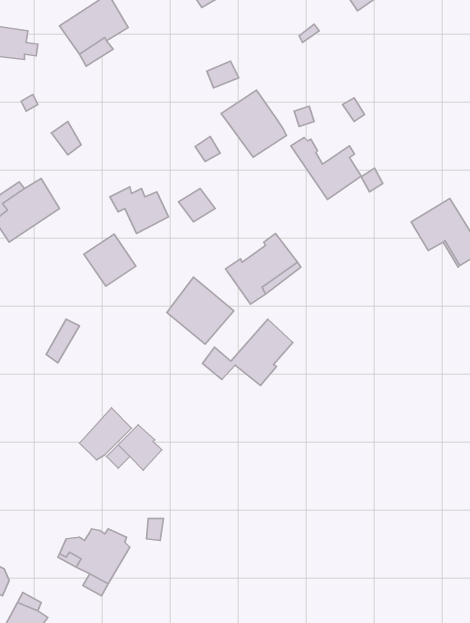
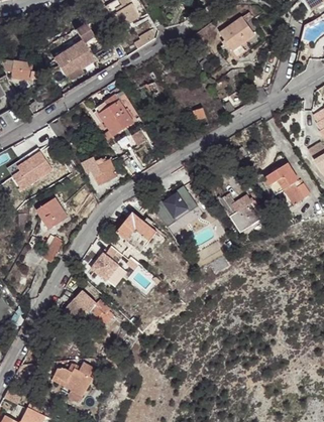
building: [221,90,287,157] -> [95,95,134,135]
building: [291,137,361,199] -> [219,194,261,232]
building: [84,234,136,286] -> [37,197,69,229]
building: [202,319,293,385] -> none
building: none -> [91,254,118,281]

